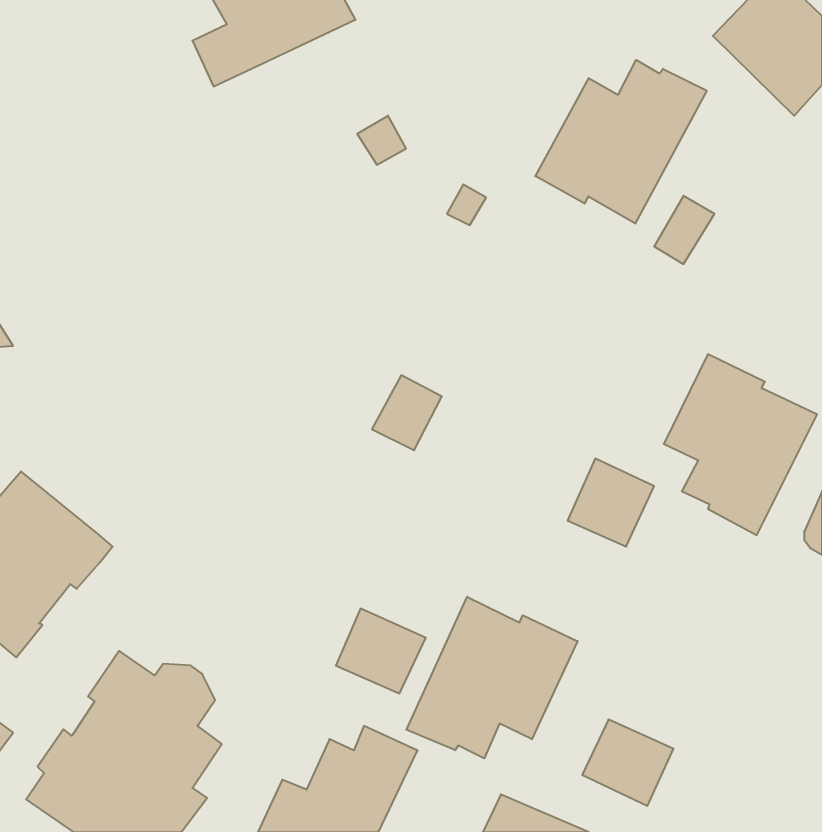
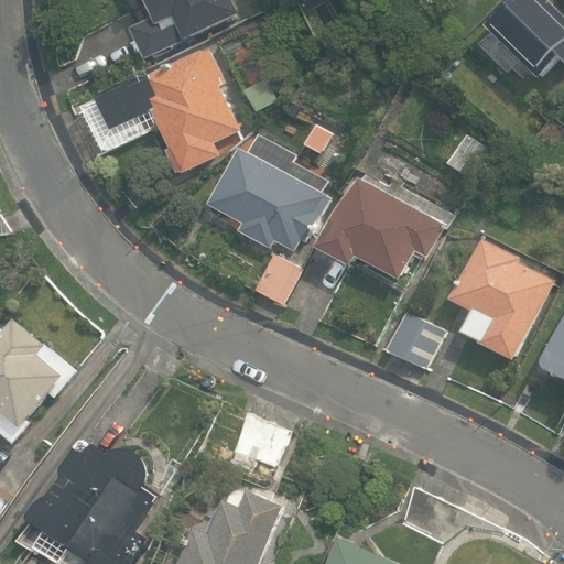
building: [535,60,707,224] -> none
building: none -> [93,47,239,174]
building: none -> [204,133,324,251]
building: none -> [317,177,442,279]
building: [406,597,578,758] -> none

